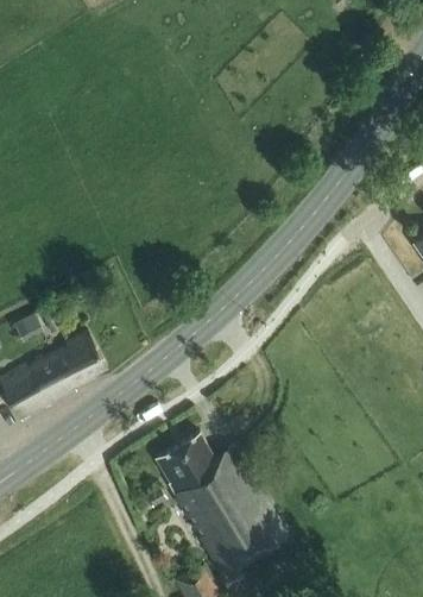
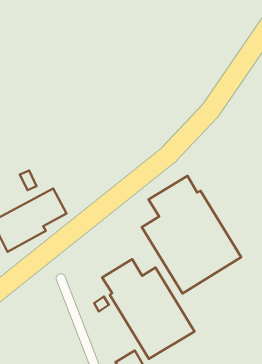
building: none -> [142,176,241,294]

